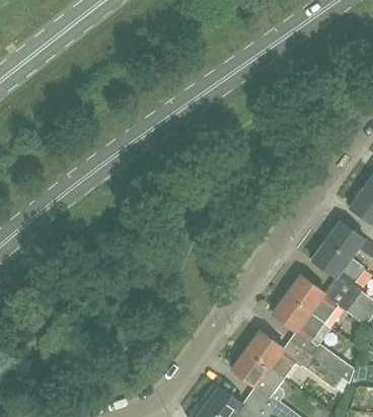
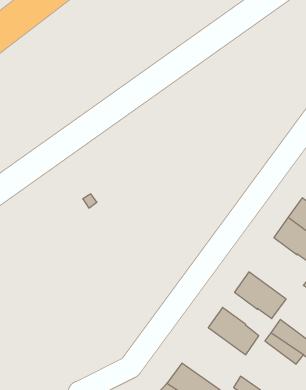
building: [286,276,337,323] -> none
building: [231,351,283,398] -> none

